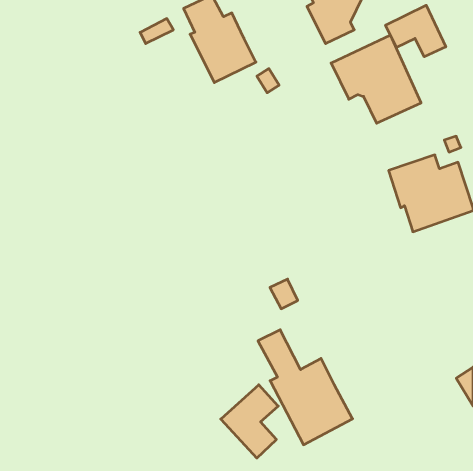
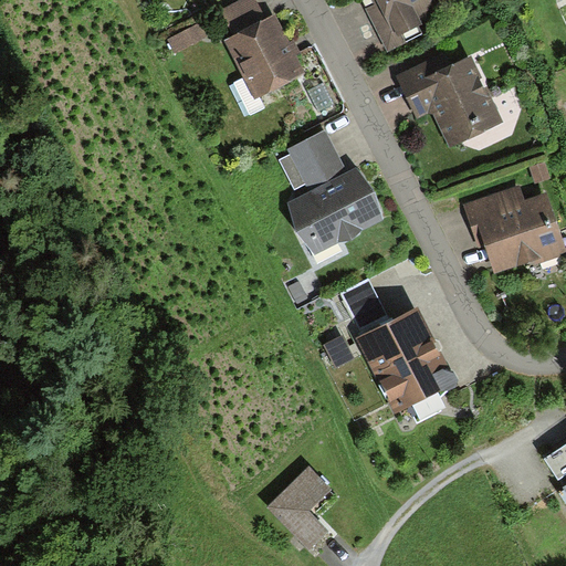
building: [386,5,446,57] -> none
building: none -> [279,129,381,253]
building: [258,330,353,445] -> [342,279,454,416]

